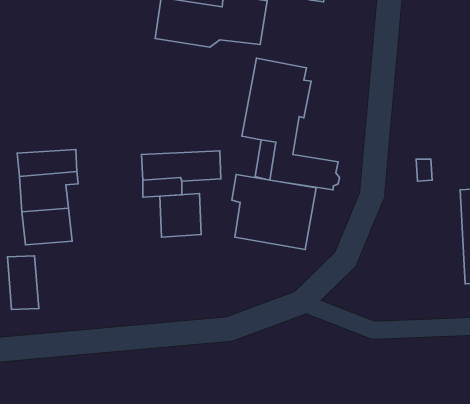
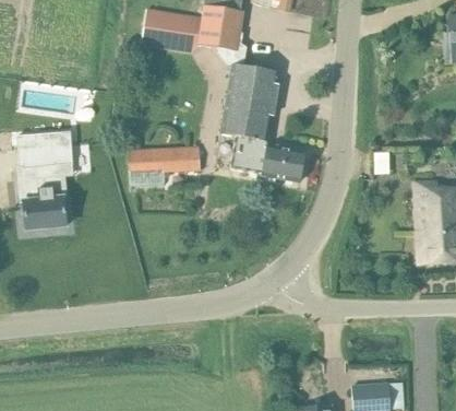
building: [232,174,316,250] -> none
building: [160,194,201,237] -> none
building: [7,256,39,310] -> none

